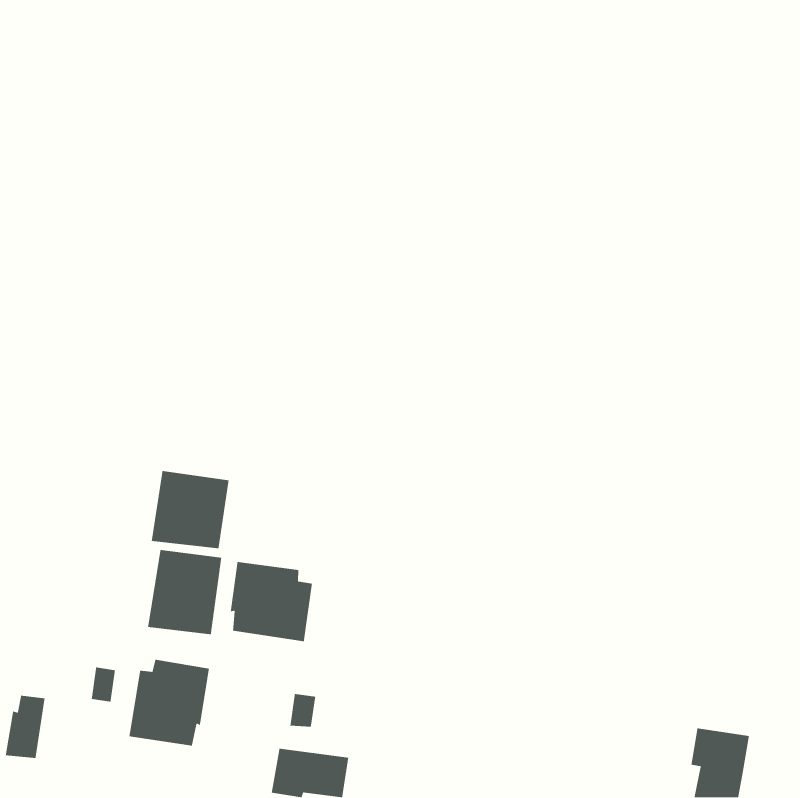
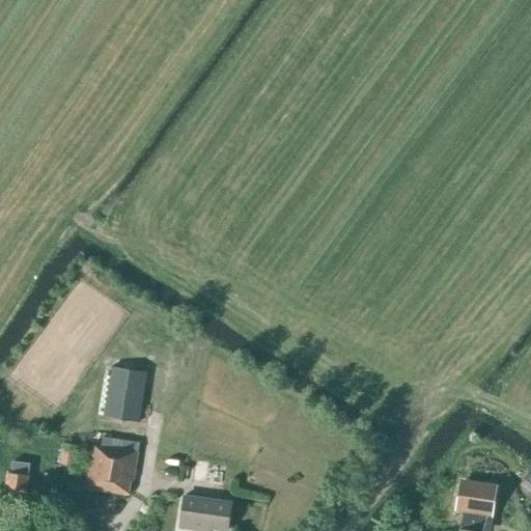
building: [151,470,230,549] -> none
building: [230,561,313,642] -> none

